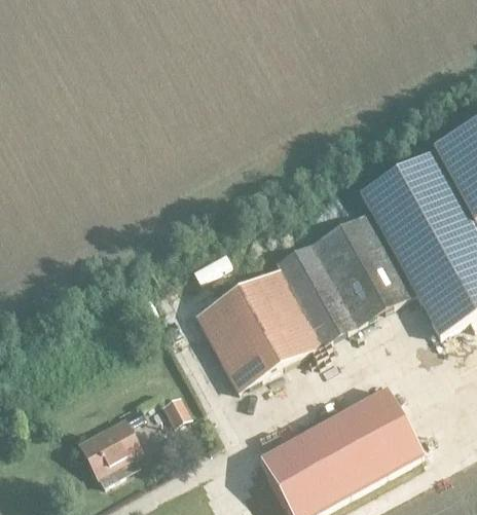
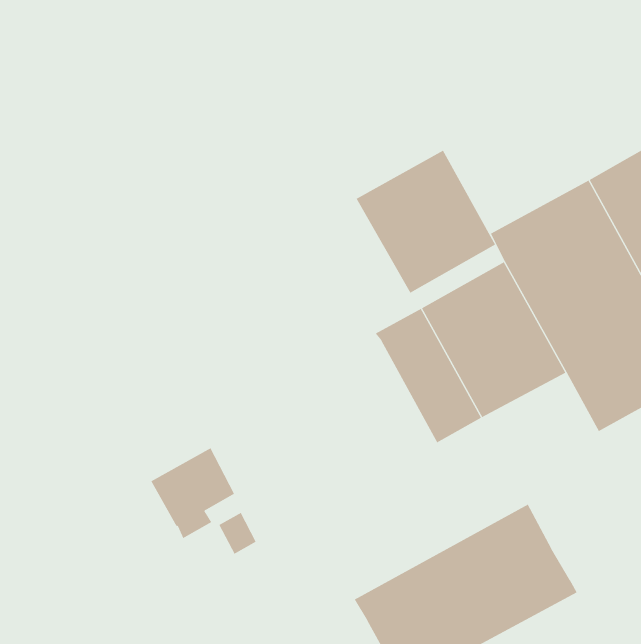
building: none -> [356,150,496,293]
building: [196,268,321,390] -> none
building: [79,417,141,484] -> [150,447,235,539]

